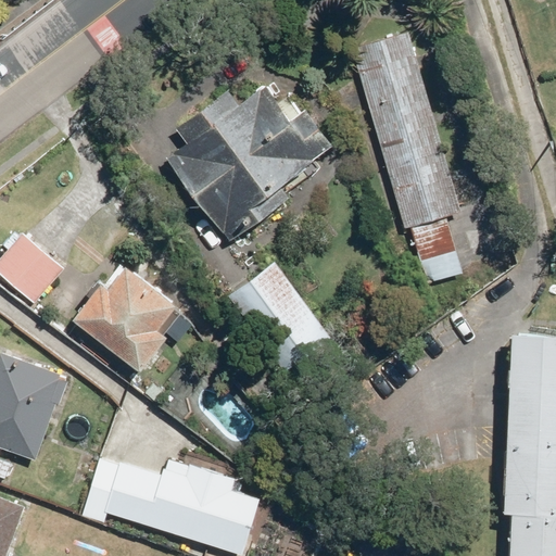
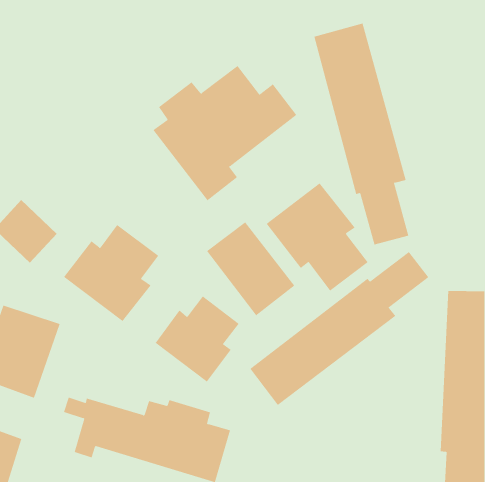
building: none -> [266,182,368,291]
building: none -> [249,251,429,406]
building: none -> [155,296,239,382]

